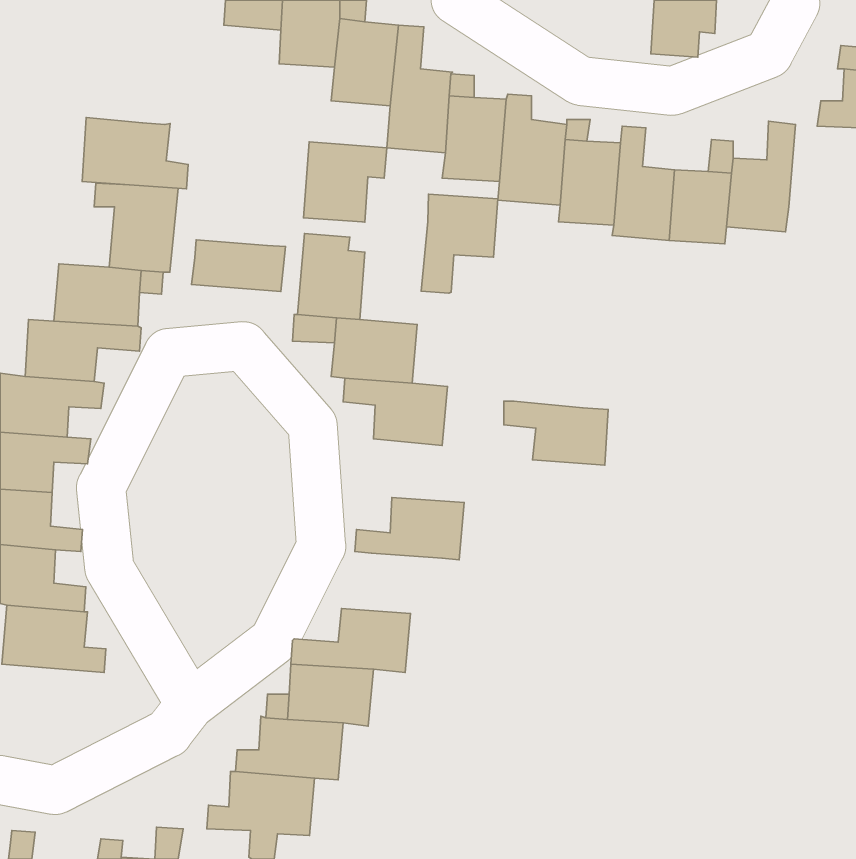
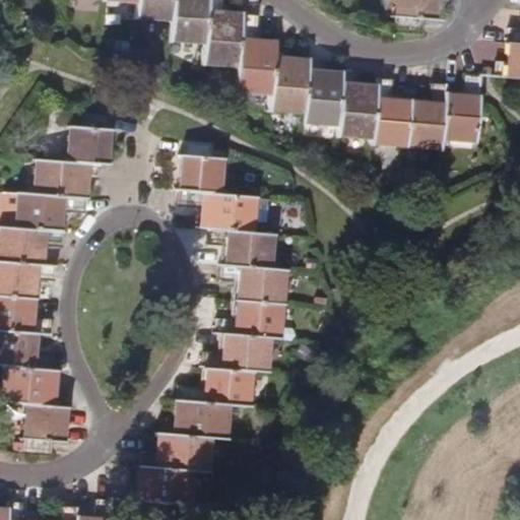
building: [82,118,188,189] -> none
building: [304,142,387,222] -> none
building: [421,194,498,293] -> none
building: [192,240,285,291] -> none
building: [504,401,608,465] -> [221,265,284,304]
building: none -> [203,334,269,373]
building: none -> [24,403,65,455]

